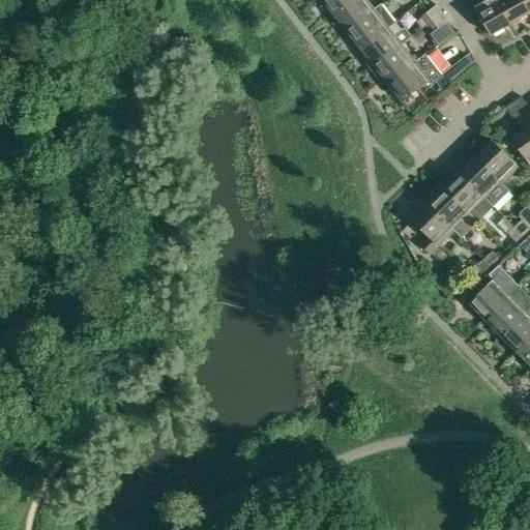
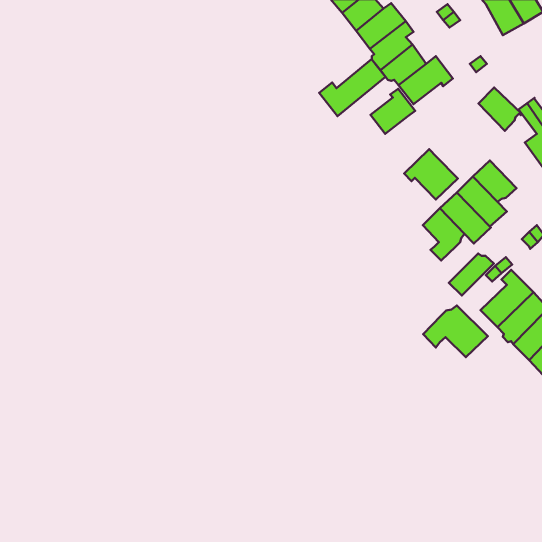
building: none -> [319,59,386,116]
building: none -> [371,89,415,134]
building: [478,141,521,183] -> [478,87,522,131]
building: none -> [404,149,458,200]
building: none -> [449,253,494,295]
building: none -> [423,305,488,357]

